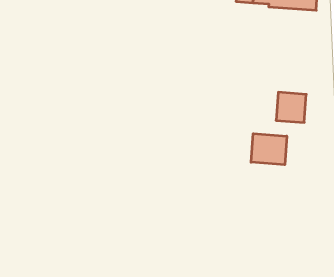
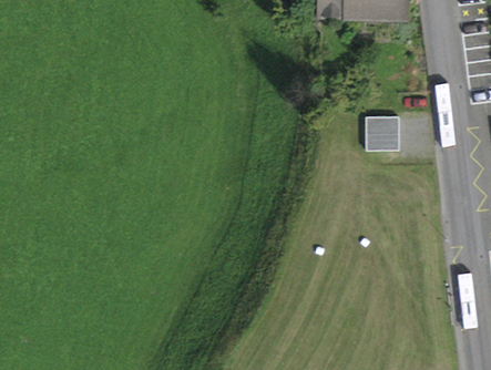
building: [251,134,287,165] -> none

